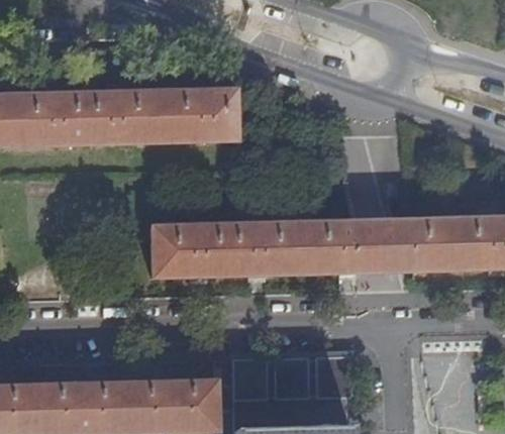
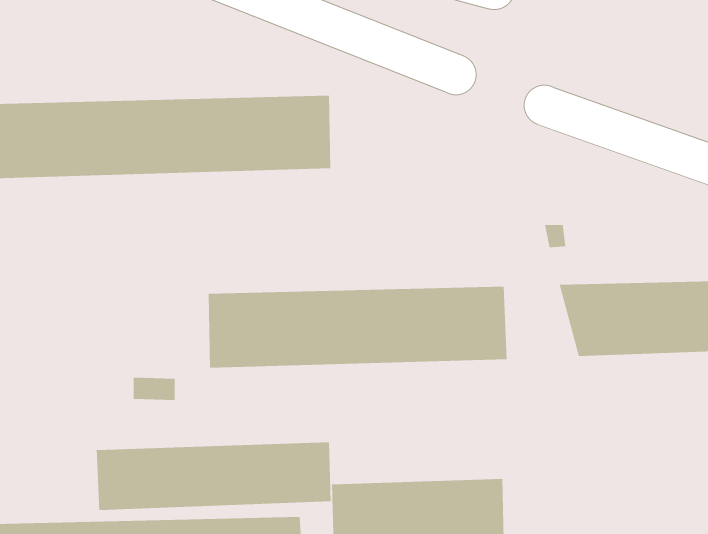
building: [355,219,405,270] -> none
building: none -> [96,442,331,511]

